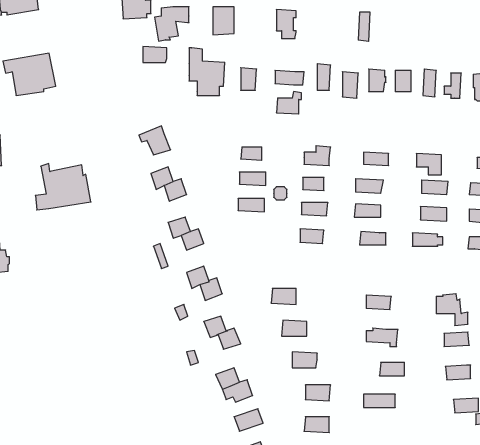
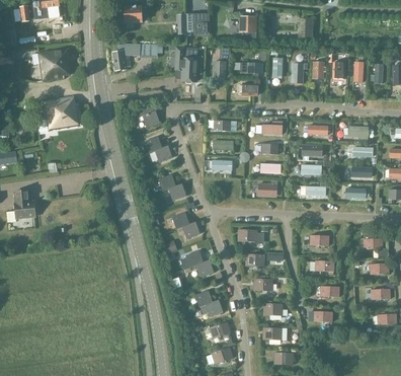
building: [155,7,189,41] -> [112,44,139,70]
building: [35,164,91,210] -> [37,95,80,131]

